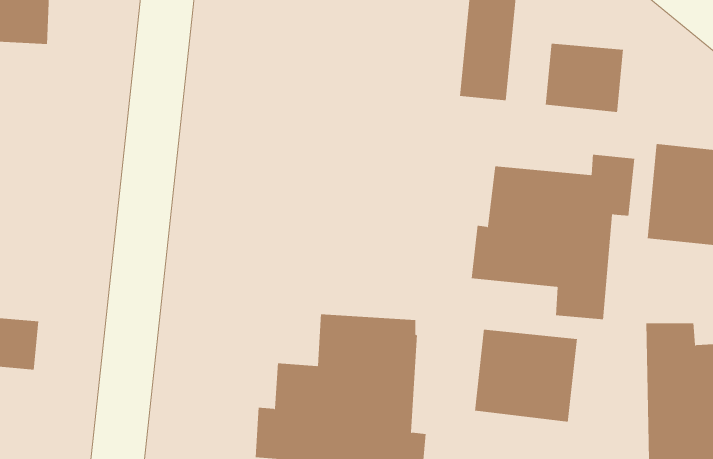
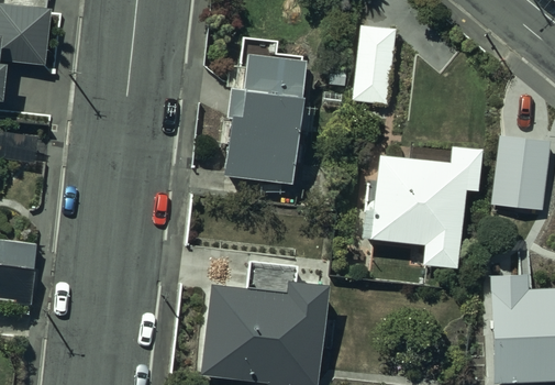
building: none -> [224,37,303,201]
building: [545,43,624,113] -> none
building: [475,329,578,423] -> none

